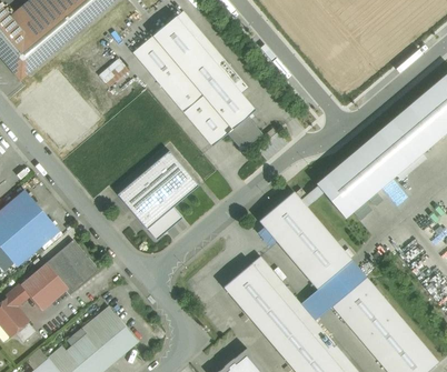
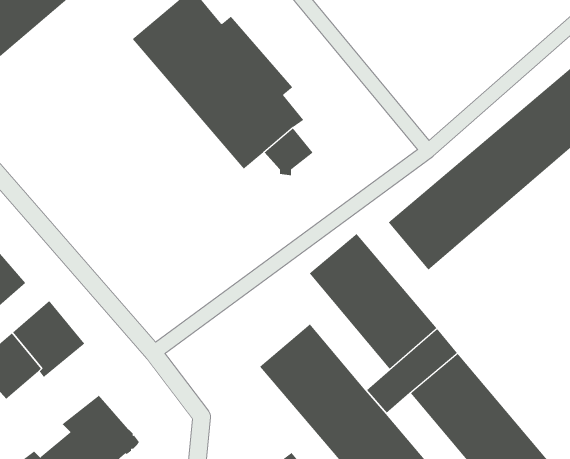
building: [118,151,199,240] -> none

